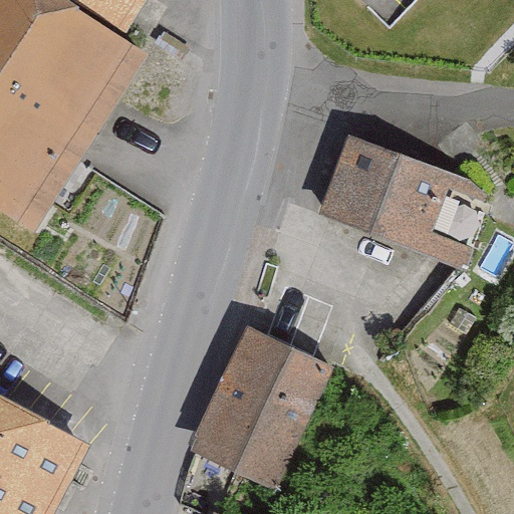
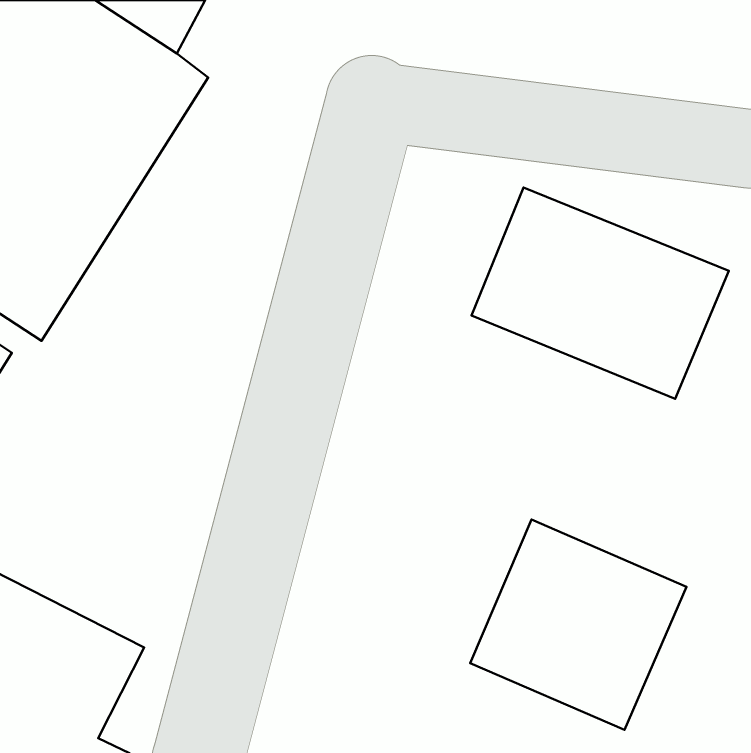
building: [188,328,330,489] -> none
building: none -> [470,519,686,730]

